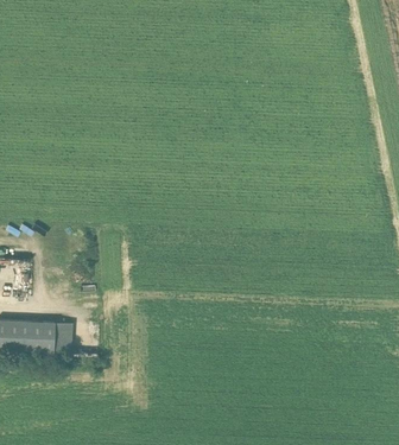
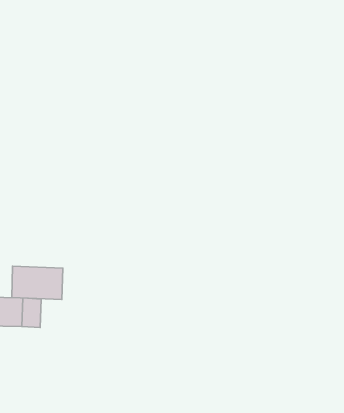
building: none -> [12,266,63,300]

